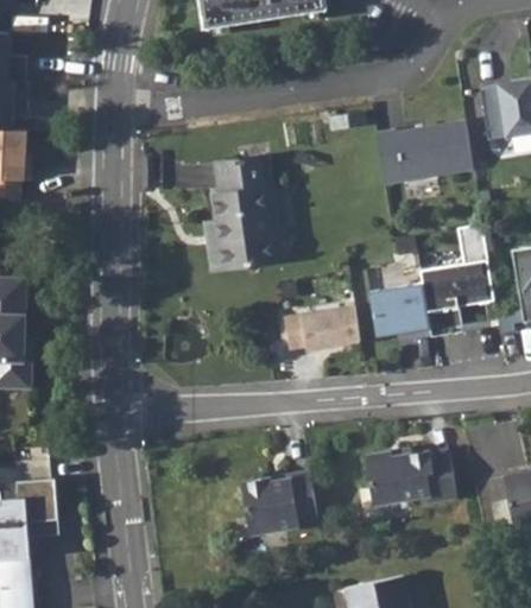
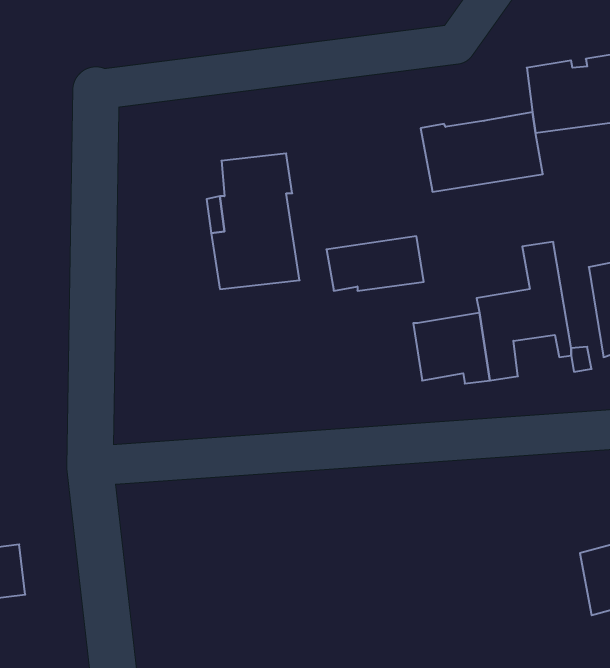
building: [282,308,360,352] -> [326,236,424,291]
building: [365,450,456,504] -> none
building: [241,470,316,533] -> none

